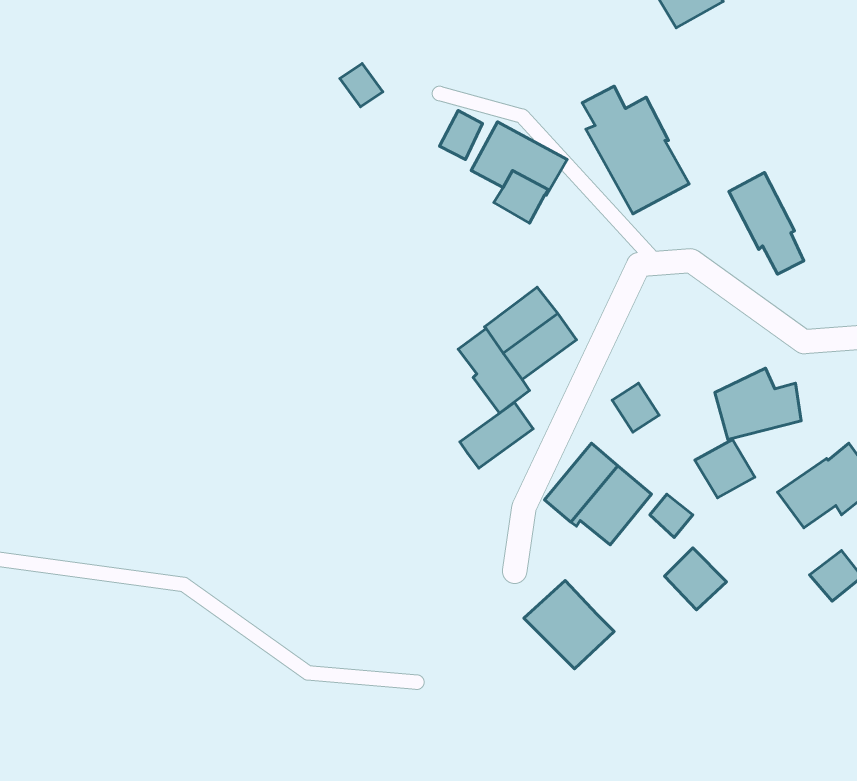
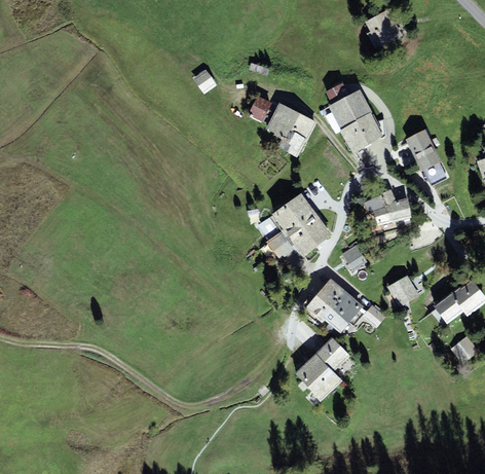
building: [715,368,801,440] -> [363,189,410,228]
building: [460,402,533,468] -> [292,221,332,257]
building: [665,548,727,610] -> [315,337,349,371]

